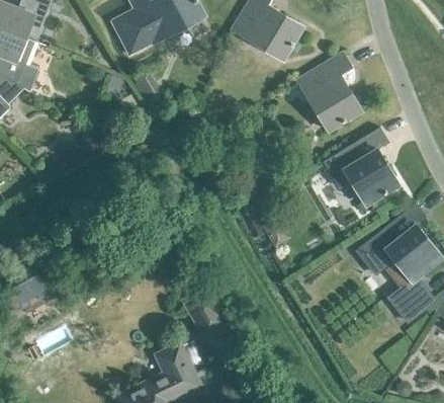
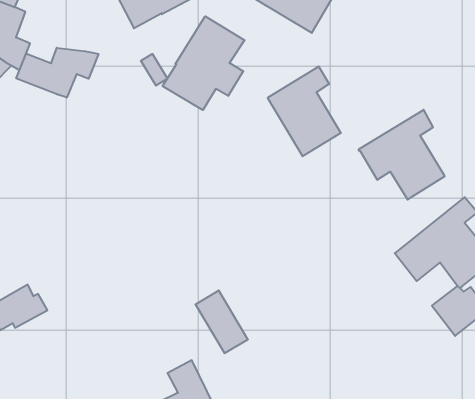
building: none -> [163,16,244,110]
building: [297,53,361,131] -> [268,66,341,156]
building: none -> [16,48,98,98]

